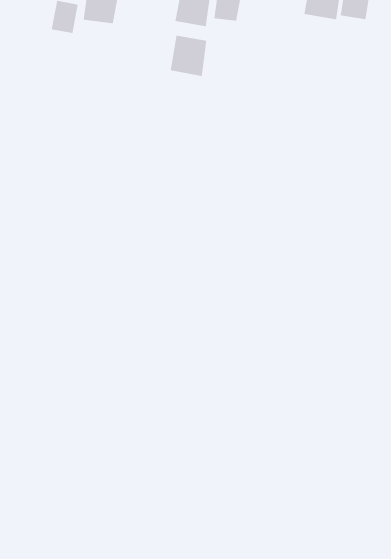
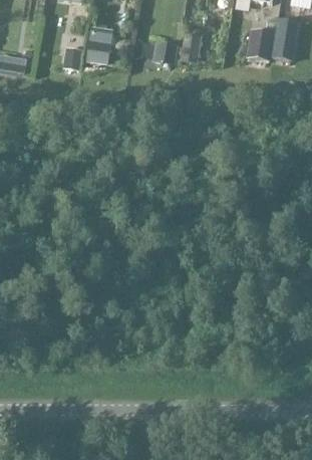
building: [170,35,207,77] -> none

